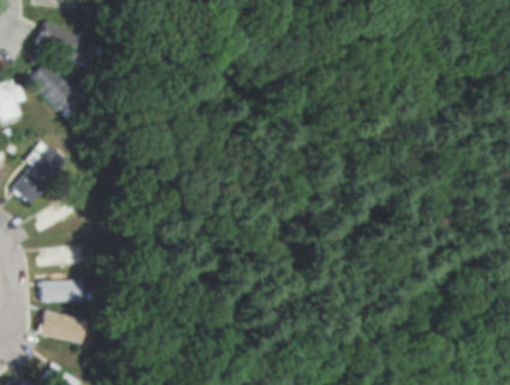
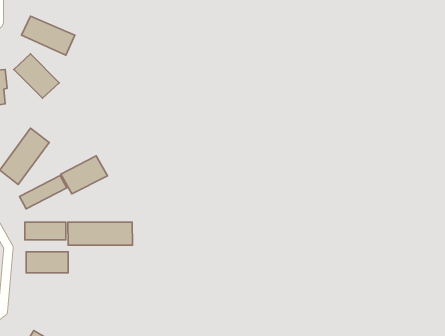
building: none -> [61,156,107,194]
building: none -> [68,222,133,245]
building: [40,310,84,342] -> none

